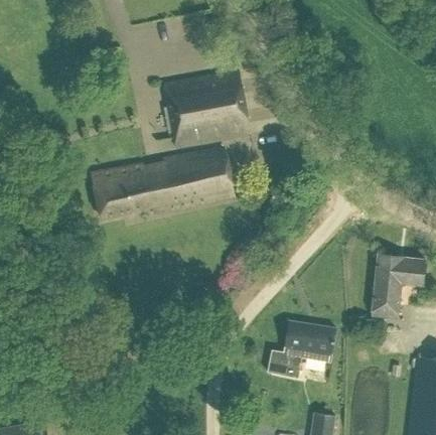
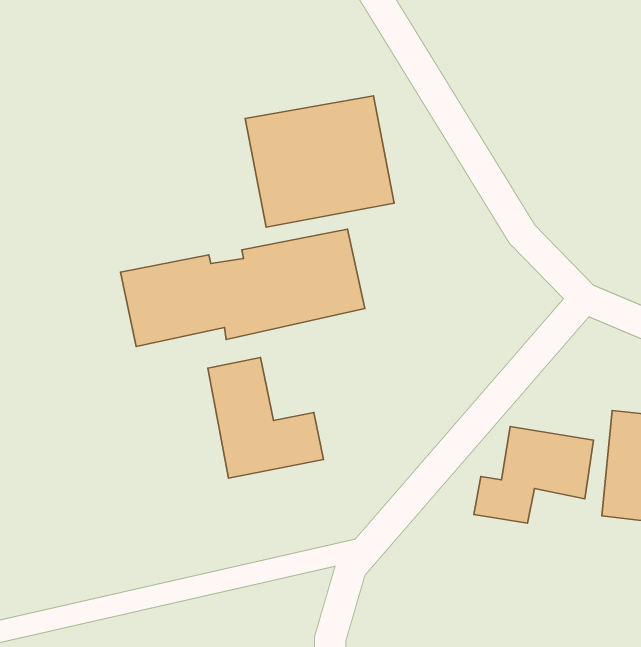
building: none -> [208,357,324,478]
building: [267,320,336,377] -> [474,426,593,523]

